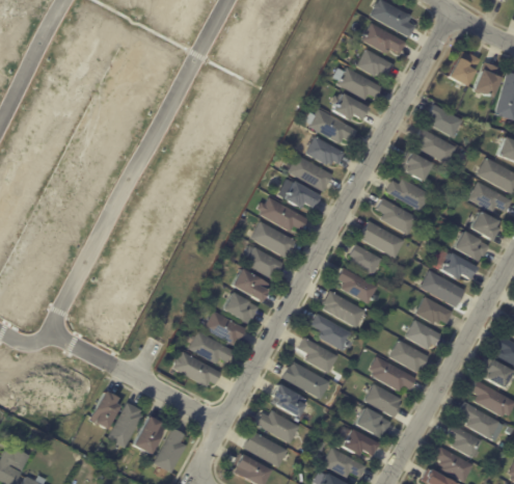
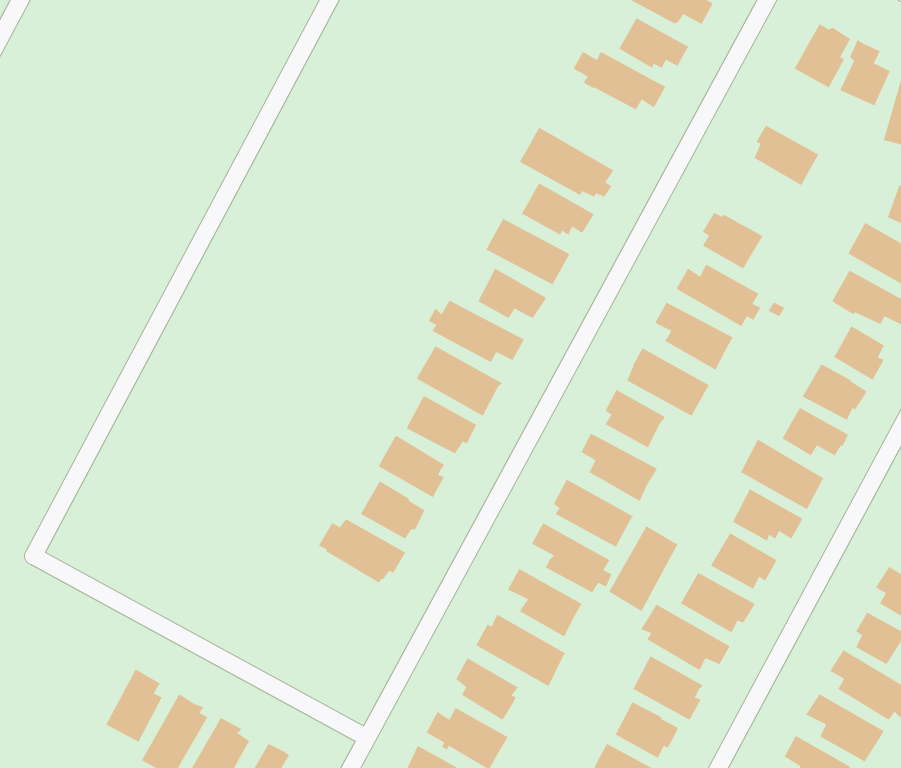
building: [329,93,368,119] -> none
building: [416,129,456,165] -> none
building: none -> [608,525,679,612]
building: [190,331,235,365] -> none
building: [172,351,221,386] -> none

